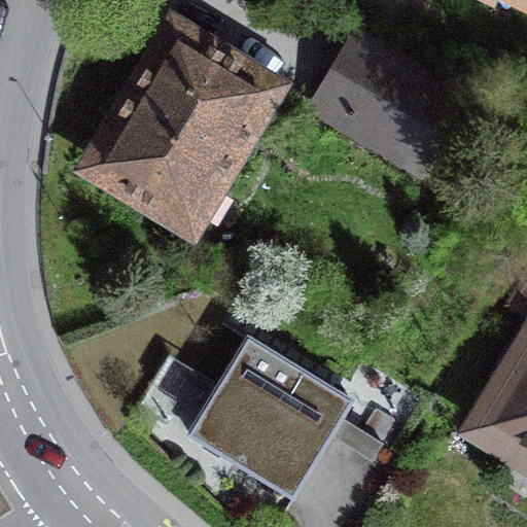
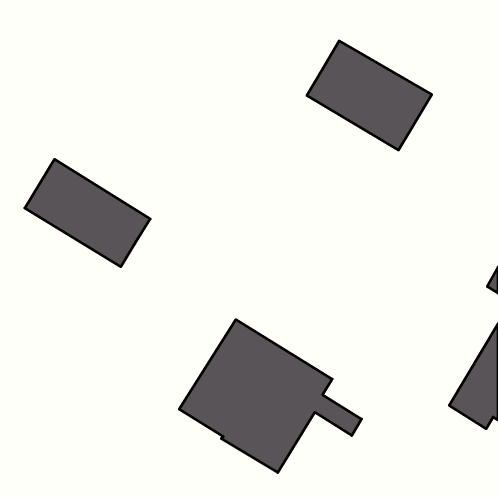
building: [100,38,265,218] -> none
building: none -> [25,159,150,267]

